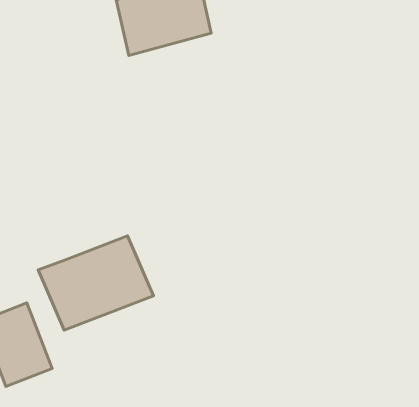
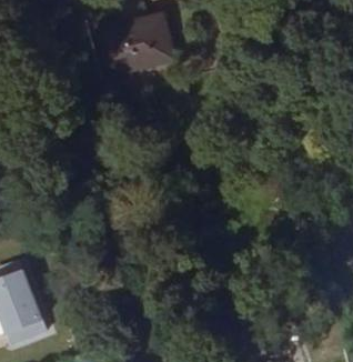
building: [38,236,154,330] -> none

